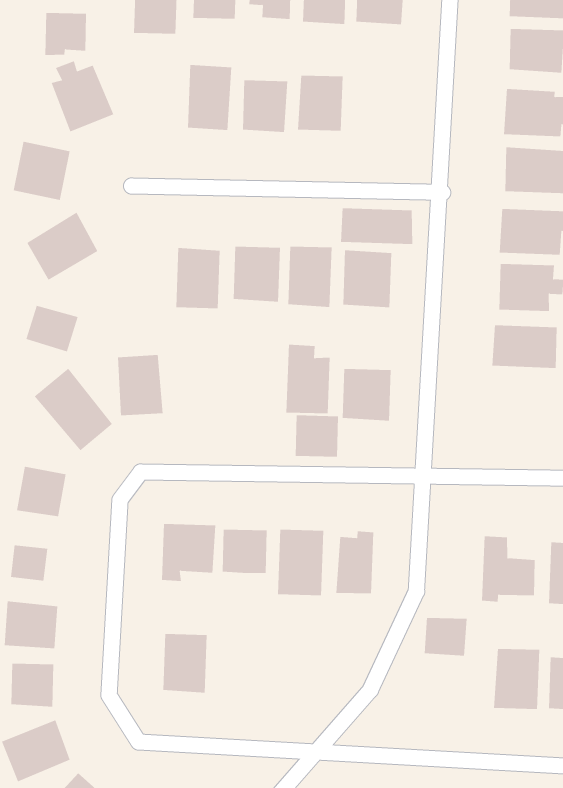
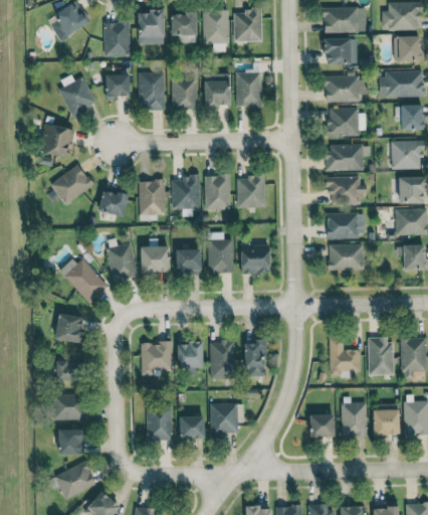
building: [45,12,87,55] -> [104,73,130,100]
building: none -> [236,72,261,107]
building: [341,208,413,245] -> none
building: [25,305,78,352] -> [97,190,128,216]
building: none -> [140,245,169,273]
building: none -> [328,243,363,270]
building: [295,415,339,457] -> [175,248,201,274]
building: [424,618,467,656] -> [309,414,334,437]
building: none -> [209,403,237,436]
building: none -> [179,415,203,439]

